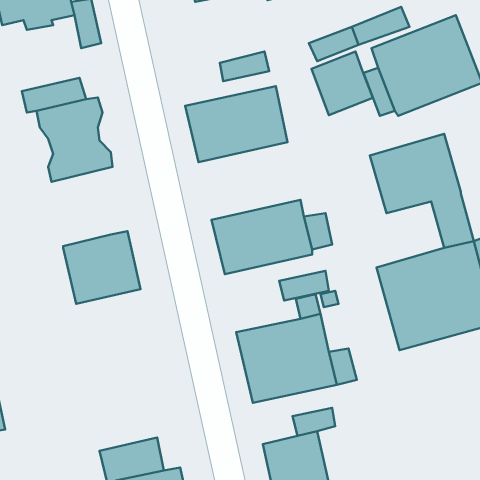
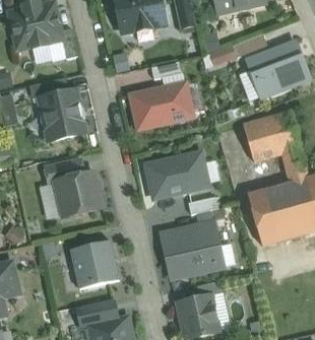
building: [312,51,373,115] -> none
building: none -> [44,158,83,183]
building: none -> [70,241,118,288]

